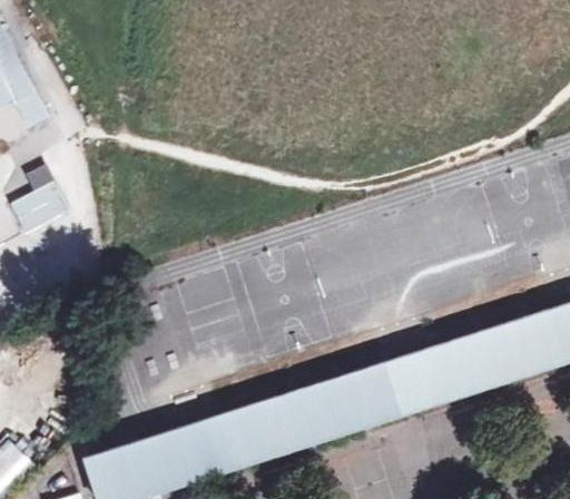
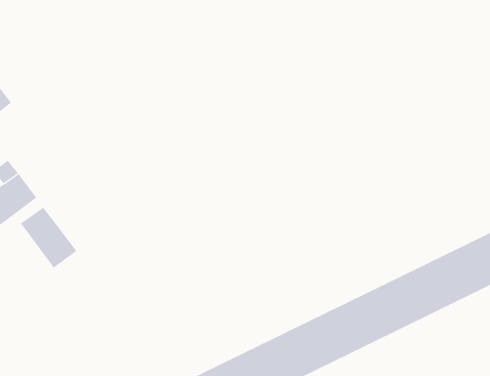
building: none -> [20,207,77,269]

